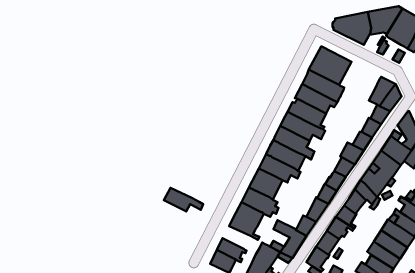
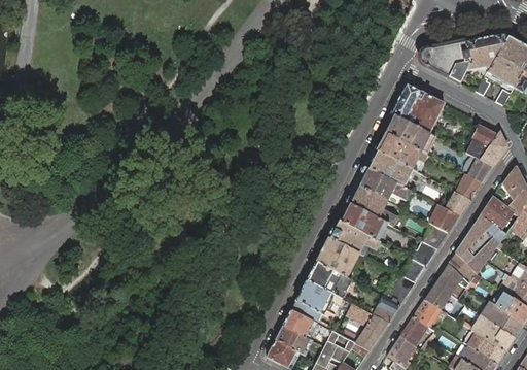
building: [164,188,203,212] -> [282,310,331,340]

